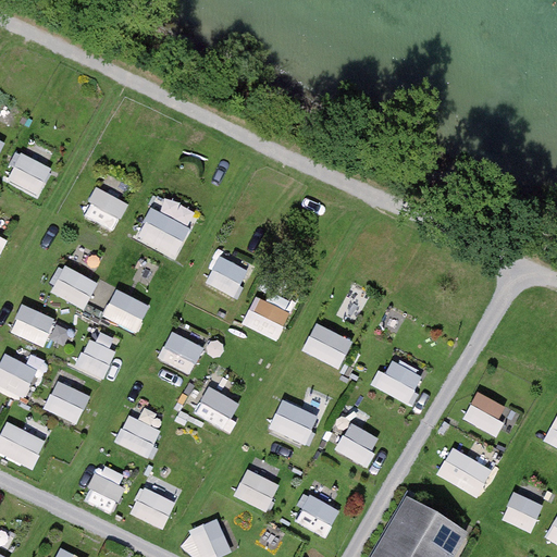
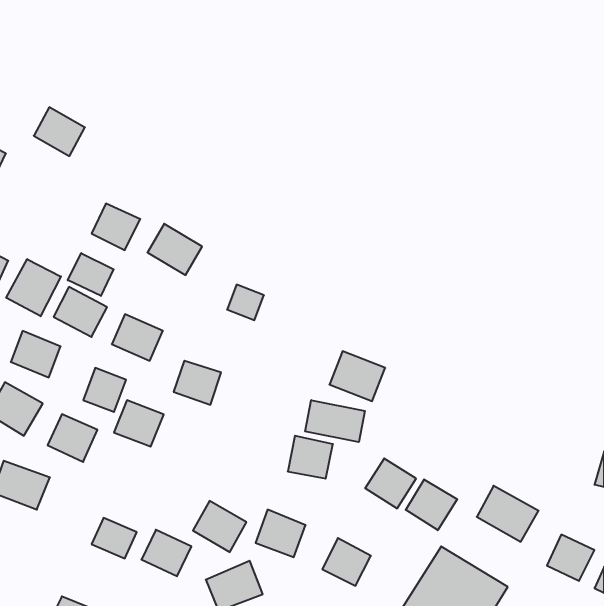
building: [5,151,52,196] -> [34,107,85,156]
building: none -> [68,253,114,296]
building: none -> [6,259,61,316]
building: [242,296,290,341] -> none
building: [377,359,423,403] -> none
building: none -> [305,400,365,442]
building: [193,385,242,432] -> [193,501,246,552]
building: [461,389,509,435] -> none
building: [114,414,160,457] -> [114,400,164,447]
building: none -> [406,479,457,530]

